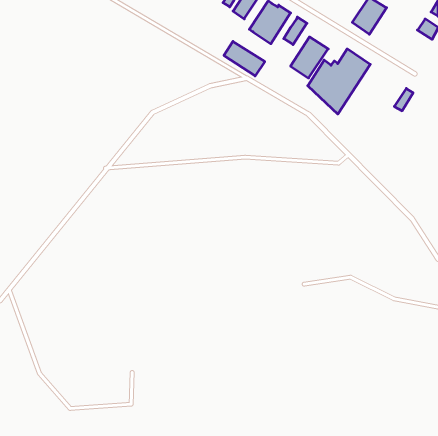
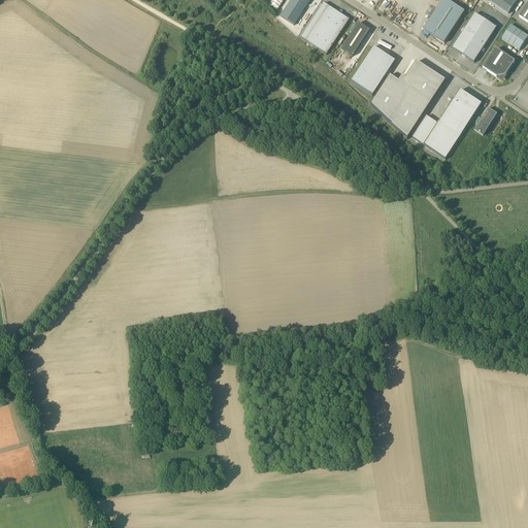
building: none -> [453,11,497,60]
building: none -> [483,46,515,75]
building: [224,41,265,76] -> none
building: none -> [412,88,482,158]

